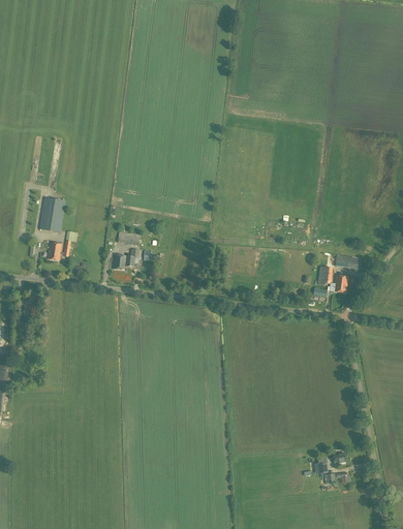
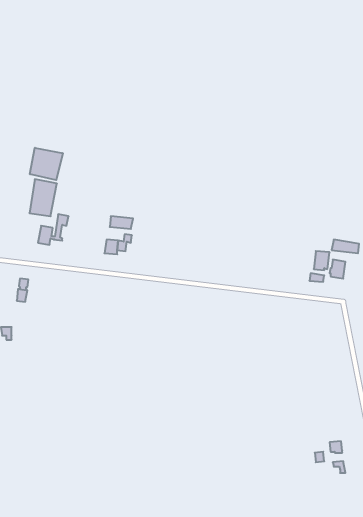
building: none -> [30,148,63,180]

